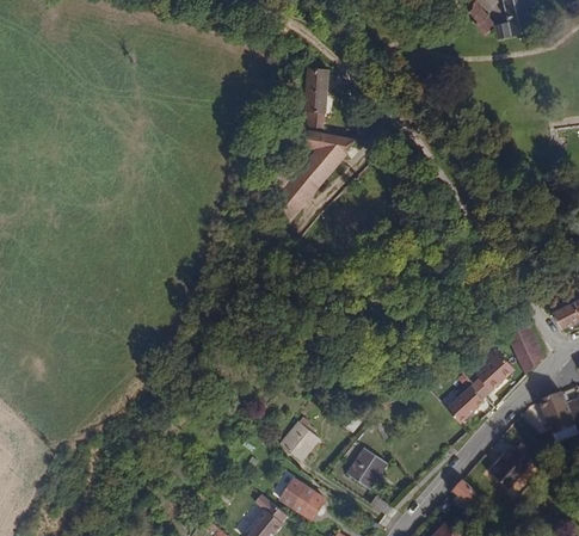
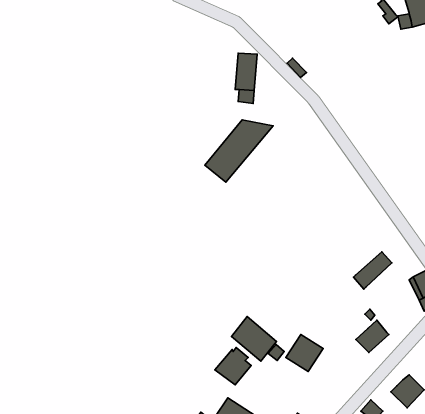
building: [298,130,355,155] -> none
building: [469,356,515,400] -> [354,252,392,289]
building: none -> [231,317,277,361]
building: [344,446,388,491] -> [286,334,323,372]

